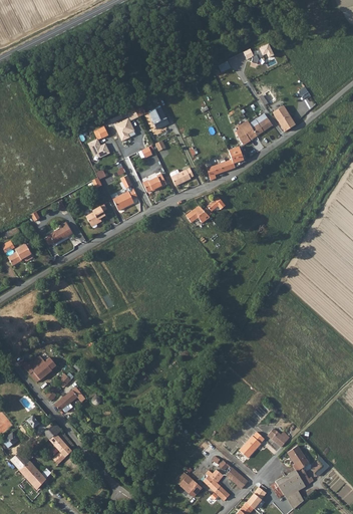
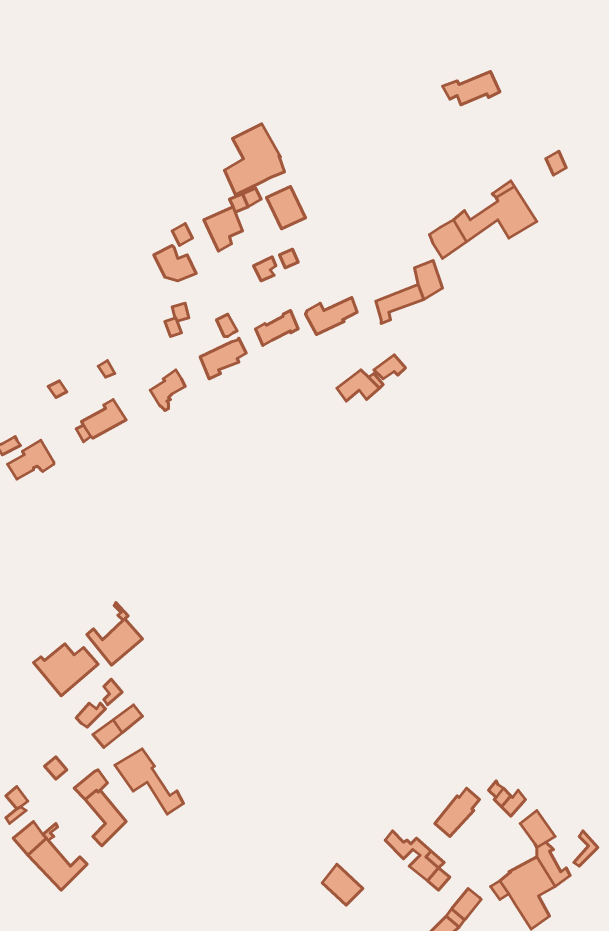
building: none -> [225,124,285,195]
building: none -> [87,602,143,665]
building: none -> [115,749,184,814]
building: [201,469,230,500] -> none

